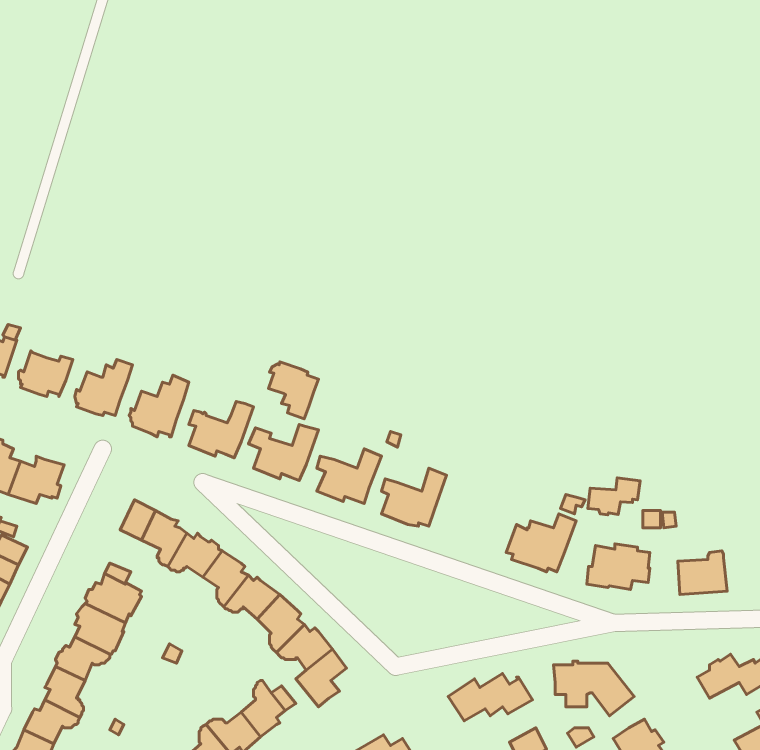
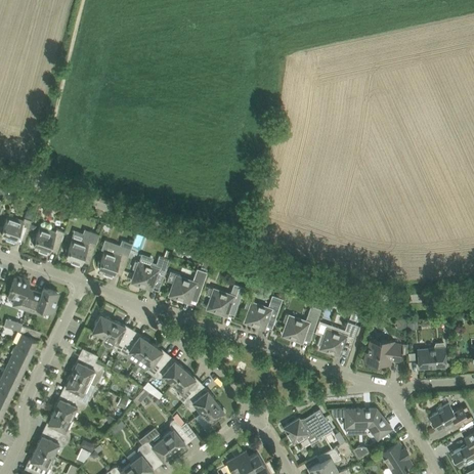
building: [269,362,318,419] -> none
building: [588,478,640,515] -> none
building: none -> [282,306,320,342]

